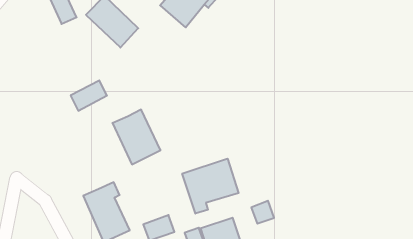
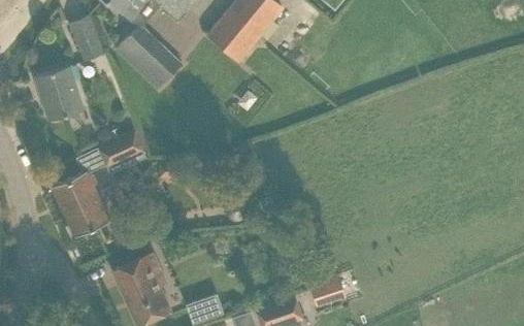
building: none -> [35,65,84,120]
building: [112,110,161,164] -> [52,169,110,236]
building: [182,159,239,214] -> none

